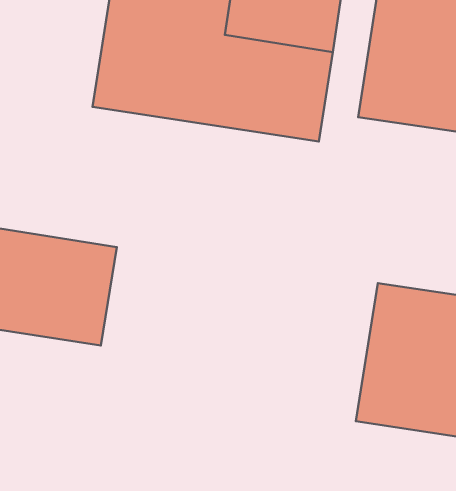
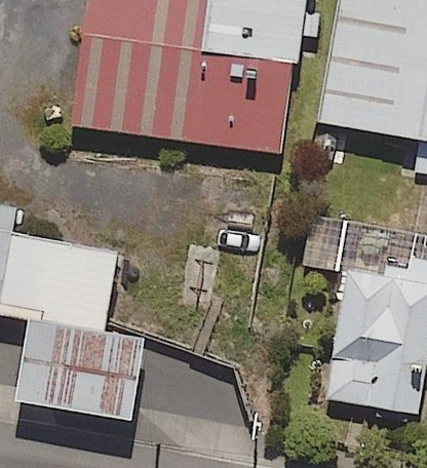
building: none -> [8,328,138,422]

